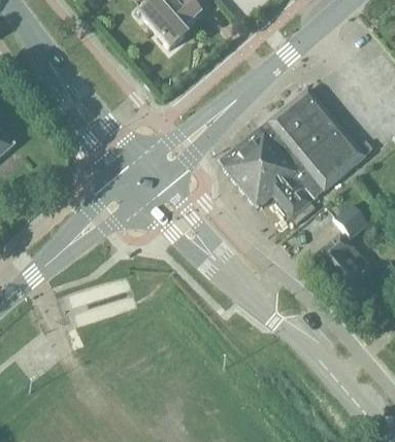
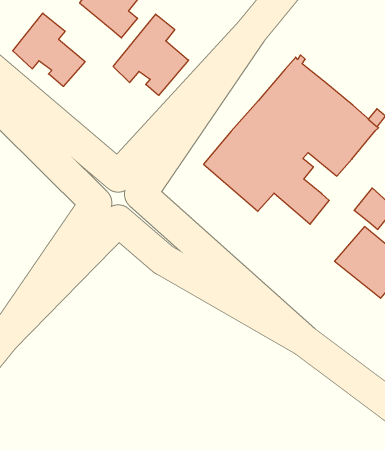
building: none -> [13,13,85,86]
building: none -> [113,14,189,95]

